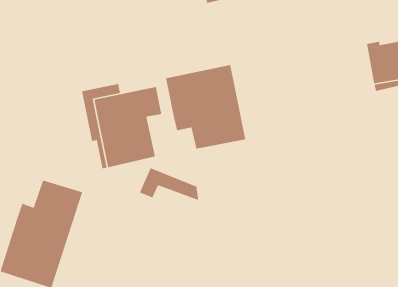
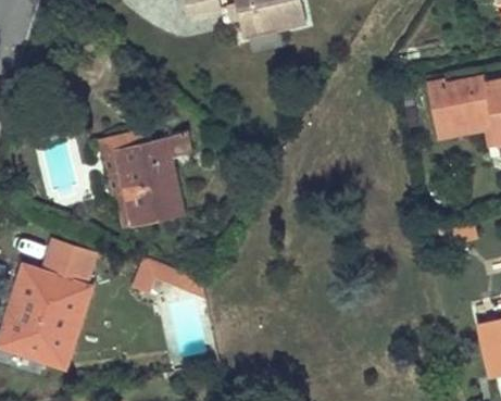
building: [165,64,246,150] -> none
building: [139,167,199,201] -> [133,256,202,296]

